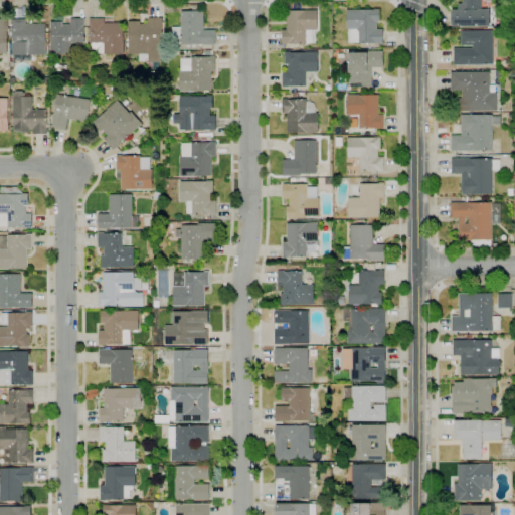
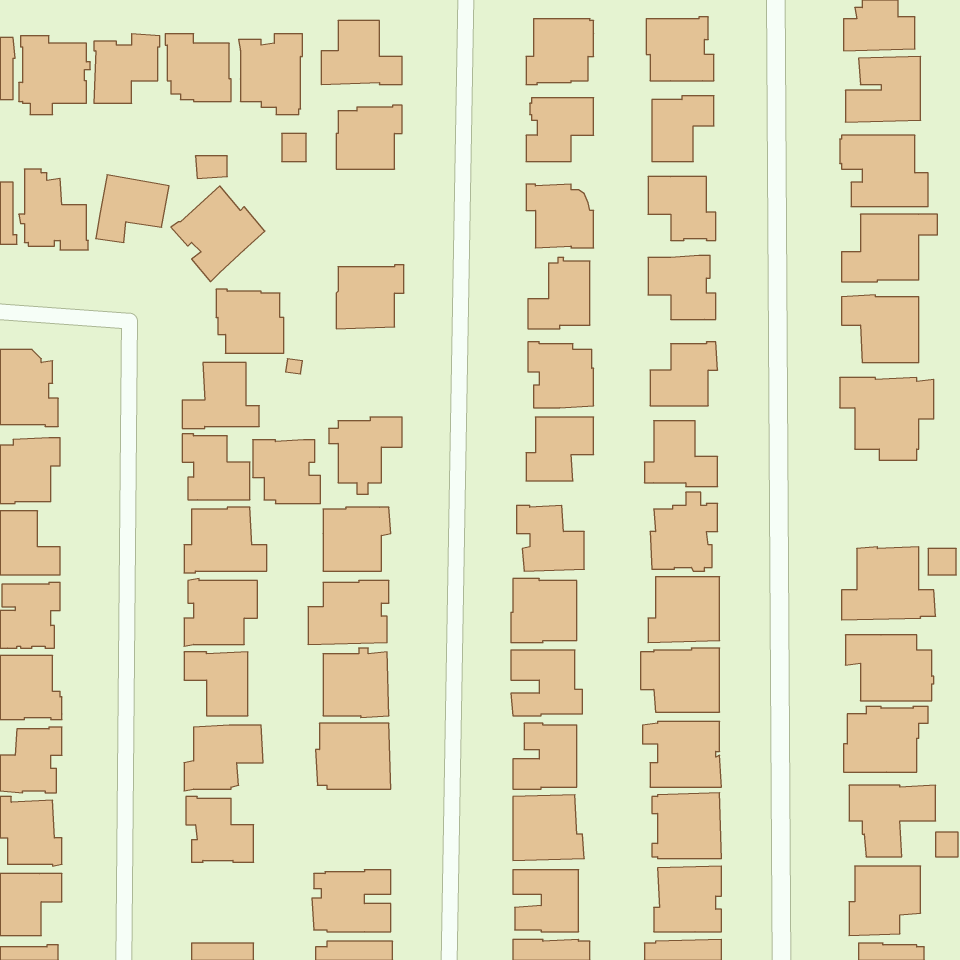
building: [173,96,216,131] -> none
building: [180,181,216,215] -> [253,440,320,504]
building: [168,426,209,462] -> none
building: [100,464,136,501] -> none

